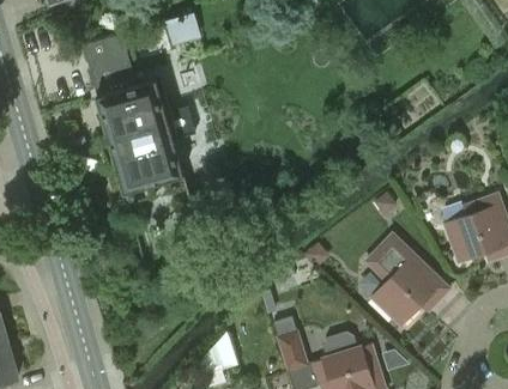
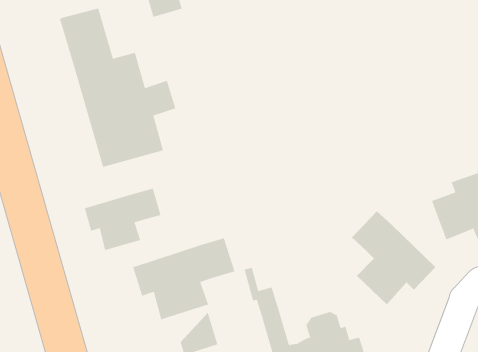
building: none -> [84,188,161,251]
building: none -> [132,237,235,320]

